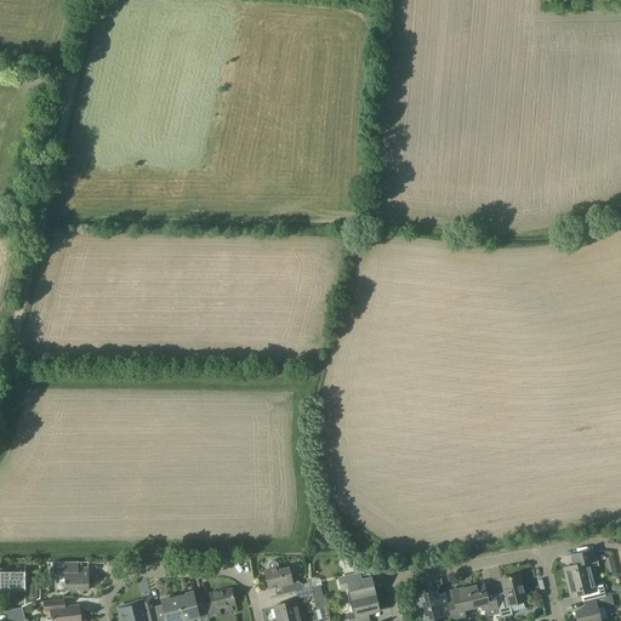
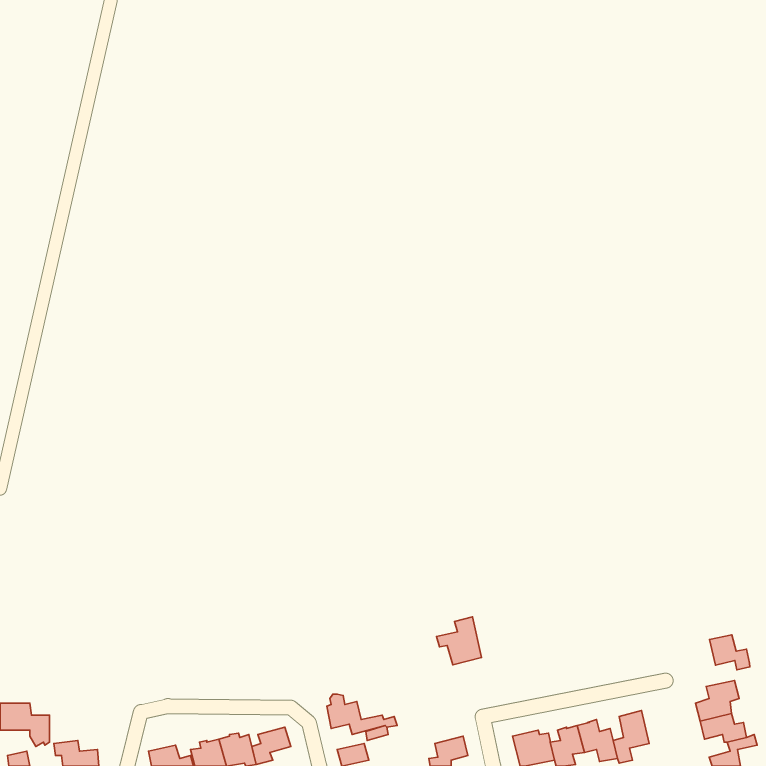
building: none -> [709,635,750,670]
building: [53,562,89,591] -> none
building: [338,563,375,602] -> [437,617,481,665]

